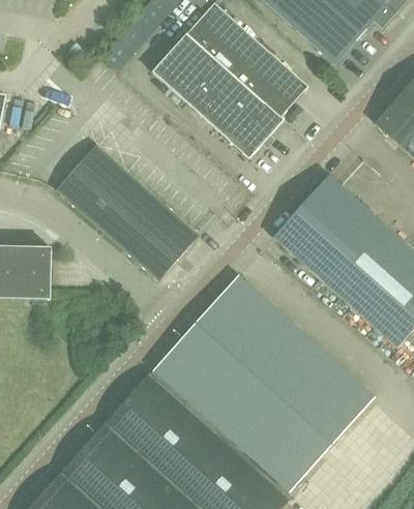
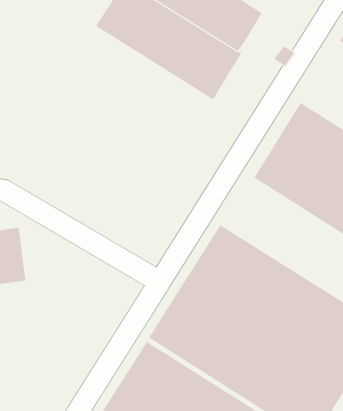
building: [57,145,199,279] -> none

